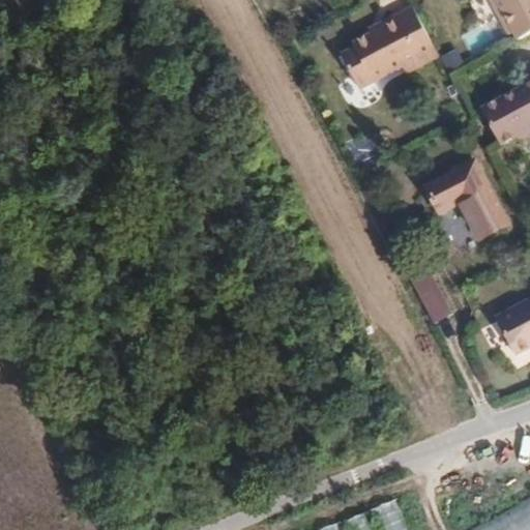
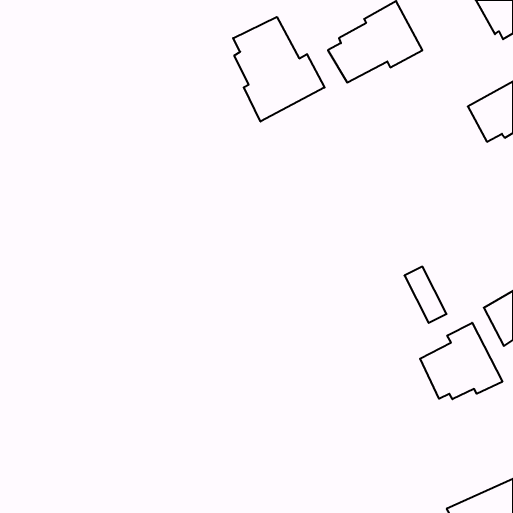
building: none -> [233,17,325,122]
building: [434,169,516,246] -> none
building: none -> [420,323,502,399]

